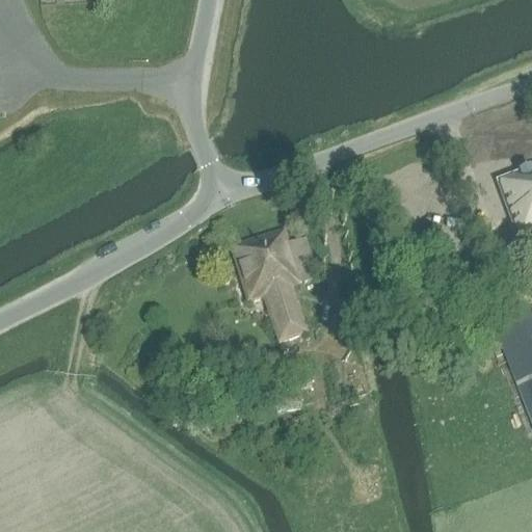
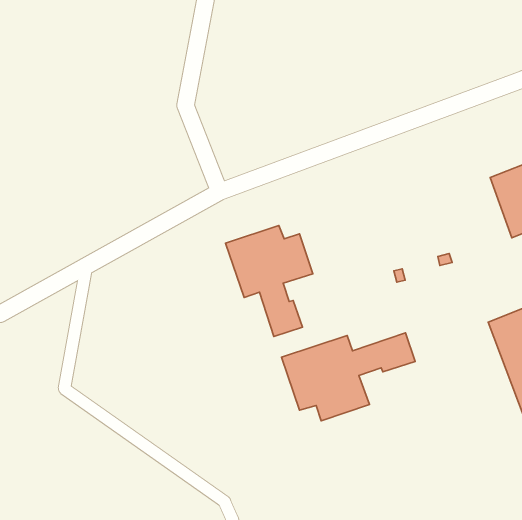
building: none -> [282,333,415,421]

